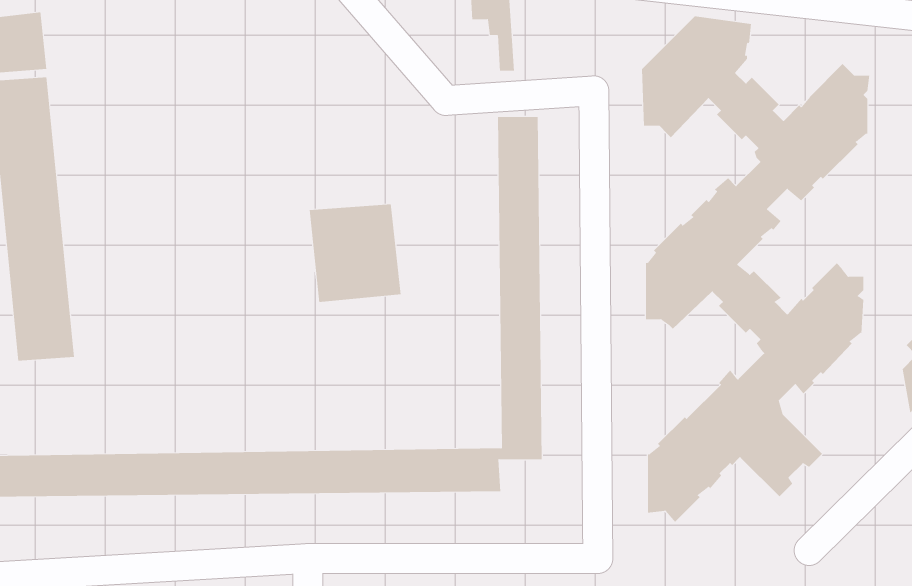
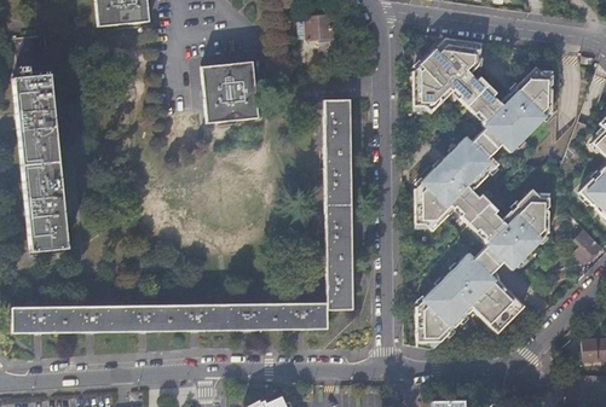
building: [309,204,401,302] -> [201,62,258,122]

